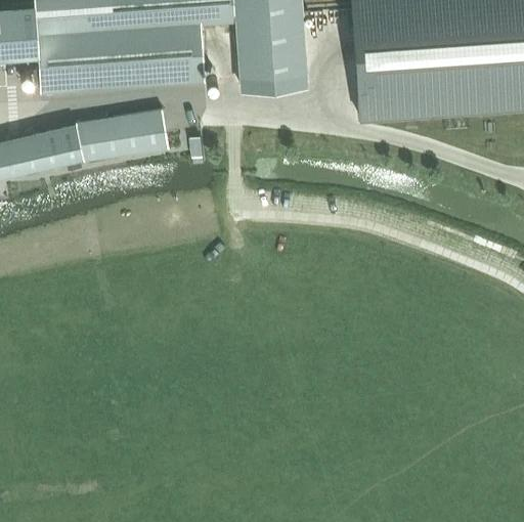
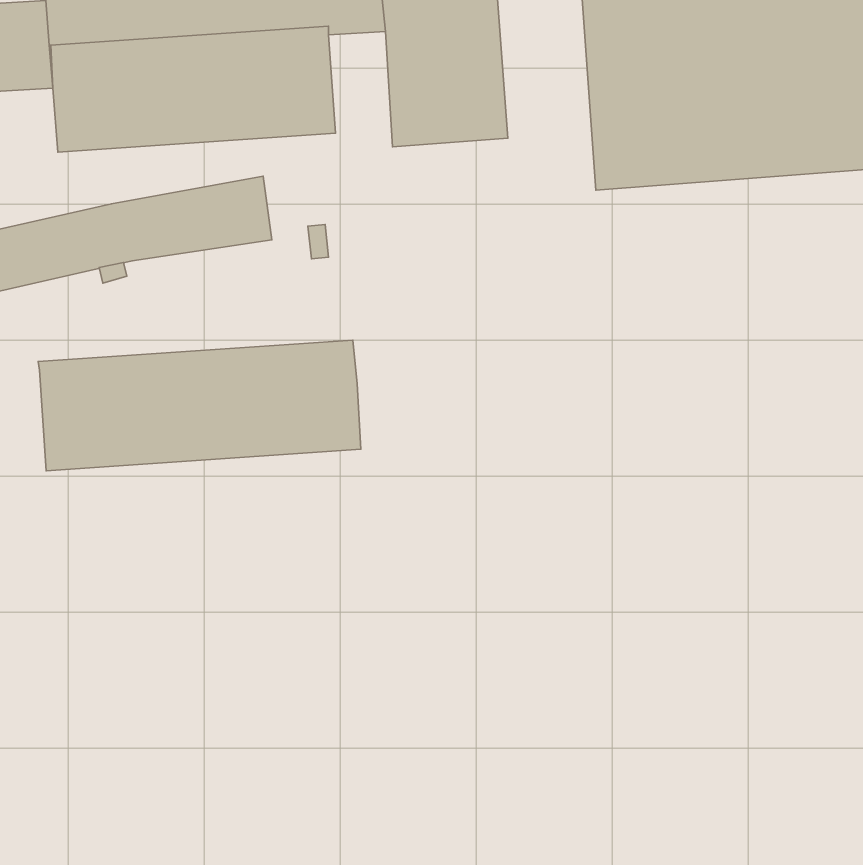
building: none -> [38,340,361,471]

